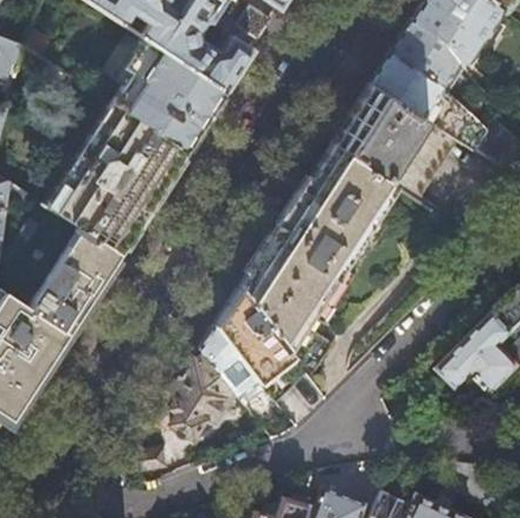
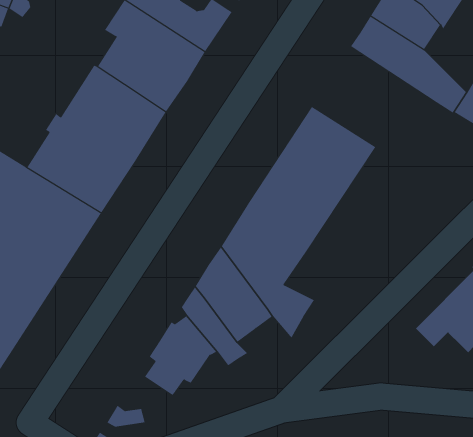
building: [332,84,457,200] -> none

